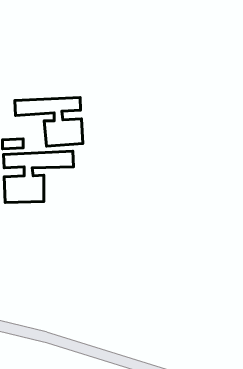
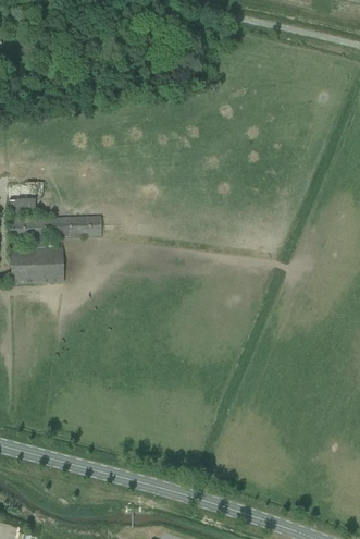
building: [15,97,83,146] -> none

